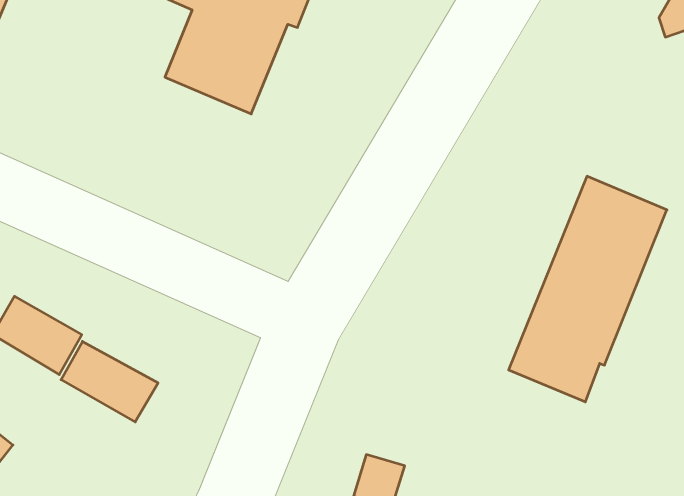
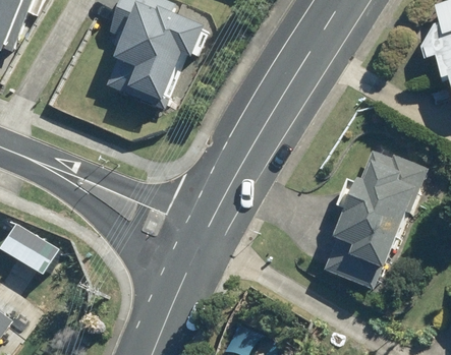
building: [61,341,158,422] -> none

